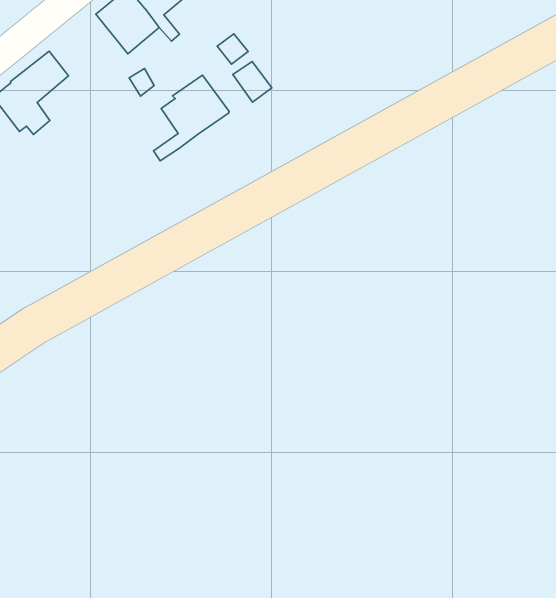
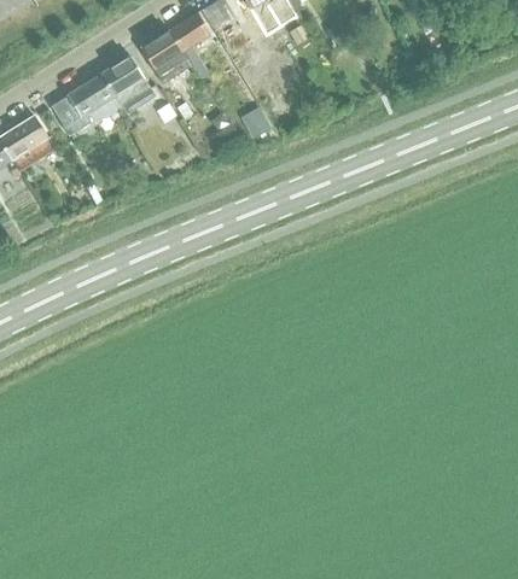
building: none -> [100,55,155,113]
building: [153,75,229,161] -> none

